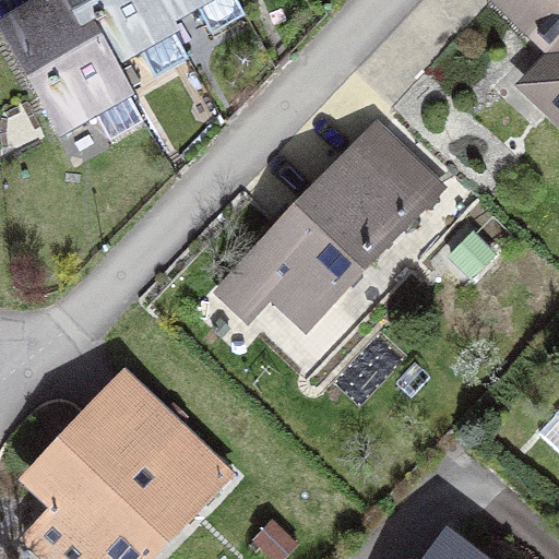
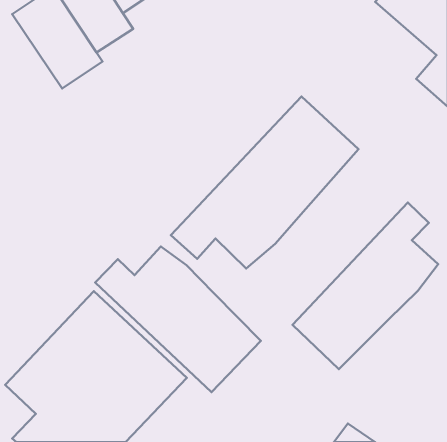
building: none -> [293,202,438,369]
building: none -> [95,246,261,392]

